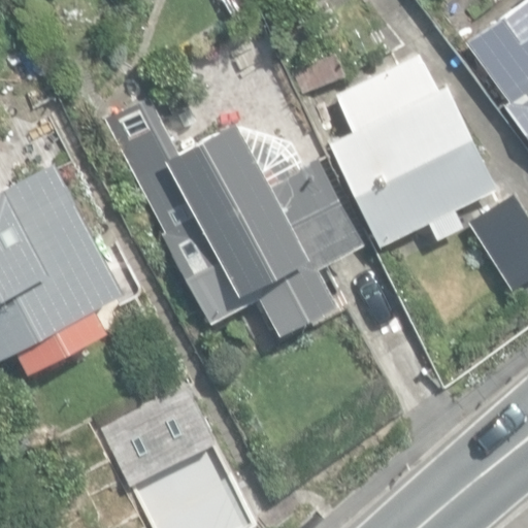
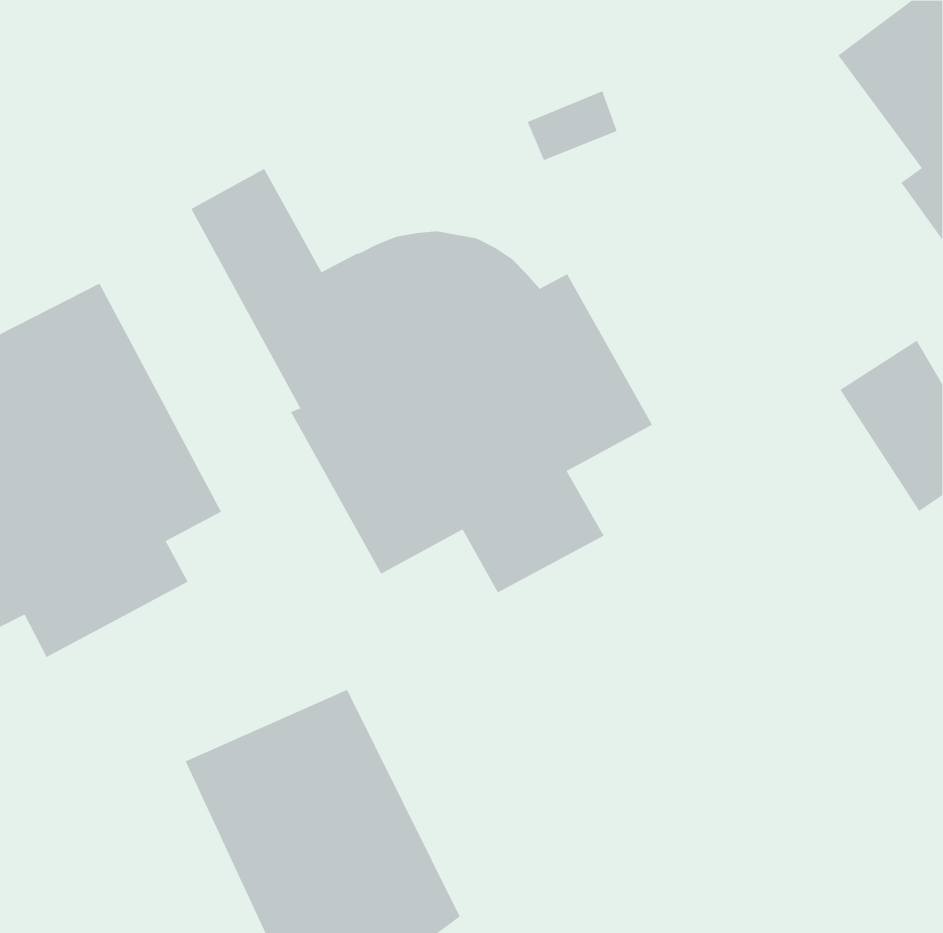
building: [331,55,497,245] -> none

